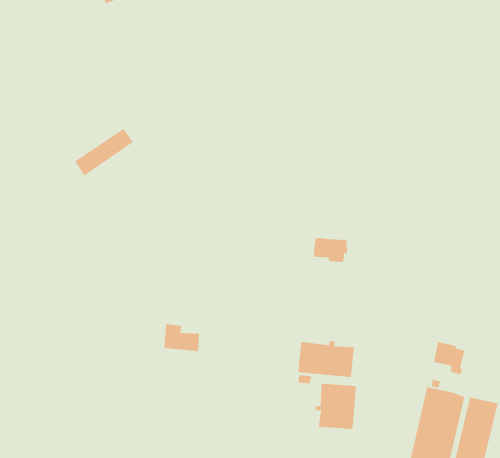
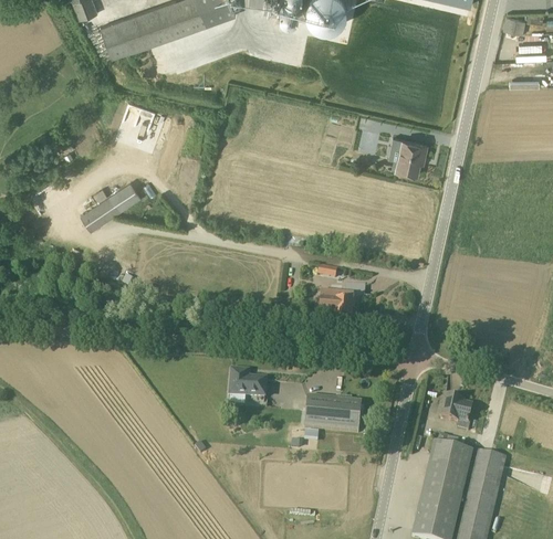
building: none -> [396,138,428,172]
building: [163,323,200,352] -> [231,368,268,397]
building: [315,383,357,430] -> none

